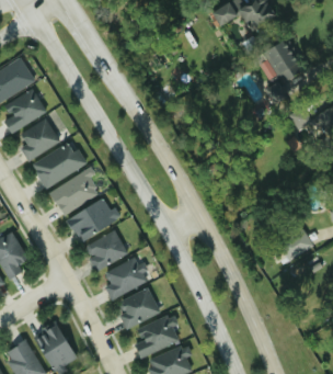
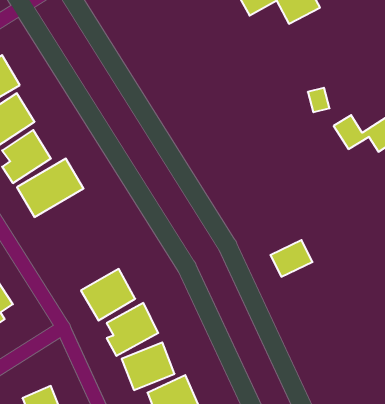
building: [259,39,301,81] -> none
building: [49,170,101,215] -> none
building: [67,196,119,241] -> none
building: [279,230,313,260] -> [270,240,313,277]

